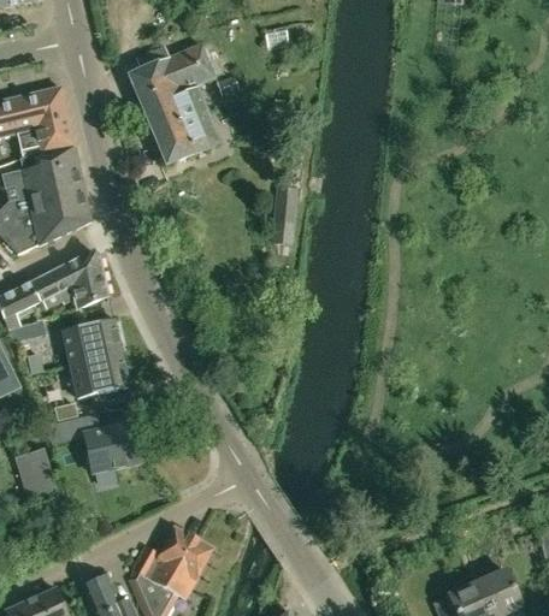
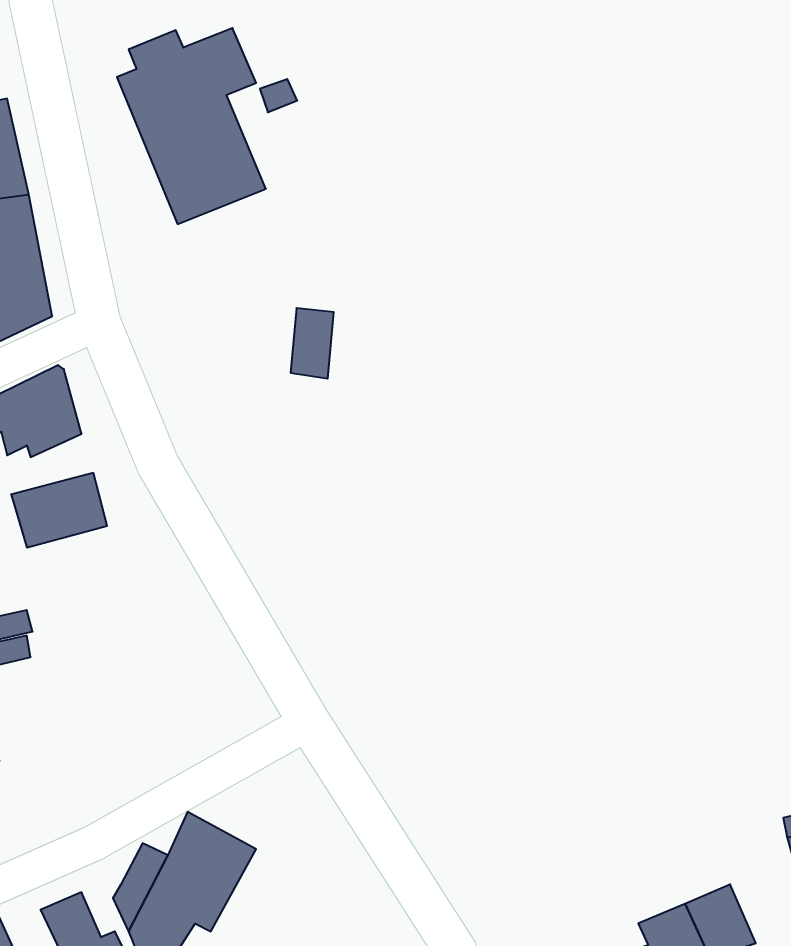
building: [267,200,294,243] -> [291,308,334,379]
building: [72,349,130,395] -> none
building: [89,419,149,472] -> none

